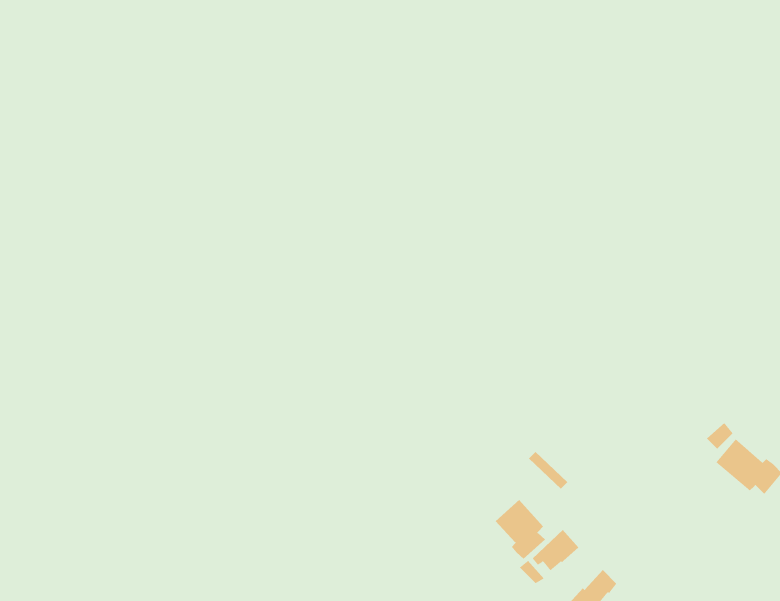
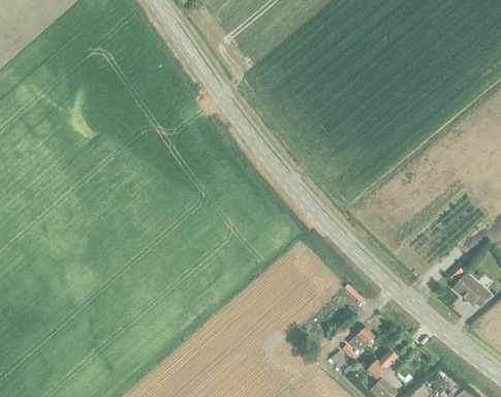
building: [495,499,546,560] -> none

